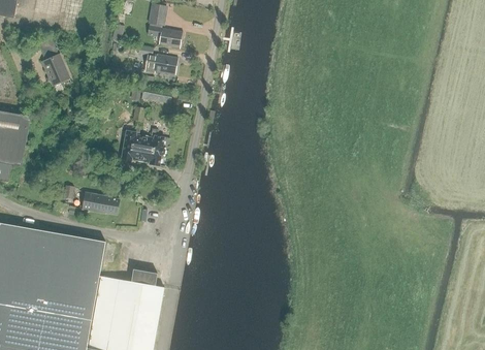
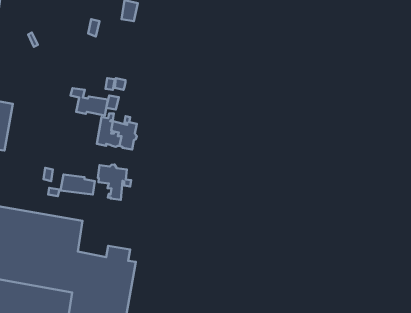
building: [147,25,182,46] -> none
building: [137,44,177,74] -> [71,88,108,116]
building: [42,54,68,84] -> none
building: none -> [98,165,131,200]

